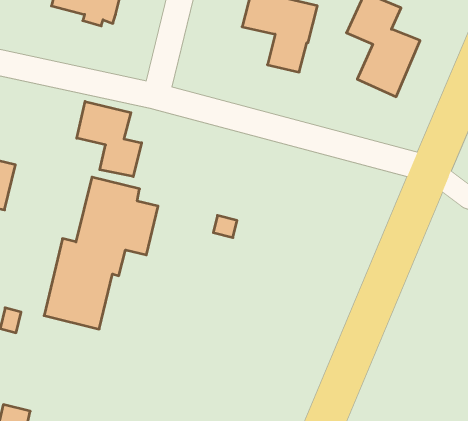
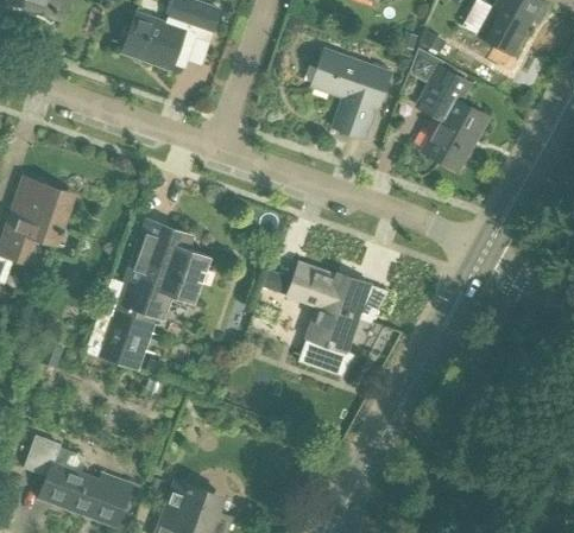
building: [77,101,142,177] -> none
building: none -> [289,262,371,377]

